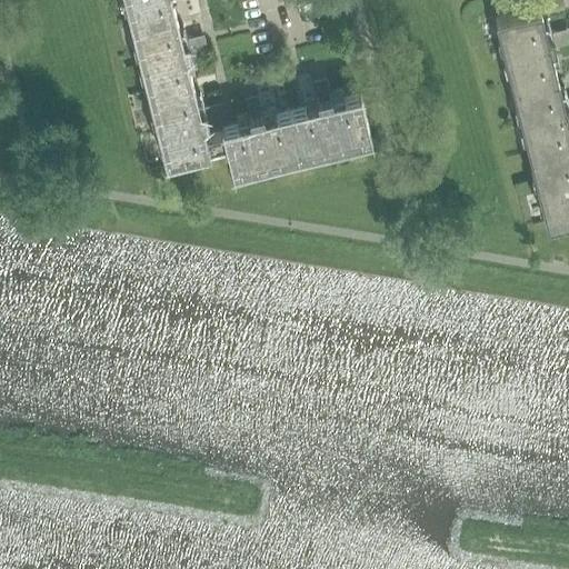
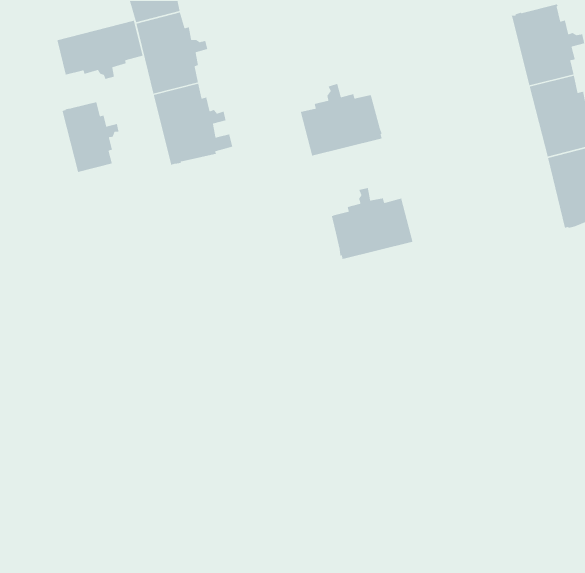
building: none -> [56,20,144,80]
building: [223,112,303,183] -> [331,187,413,261]
building: none -> [61,101,119,173]

